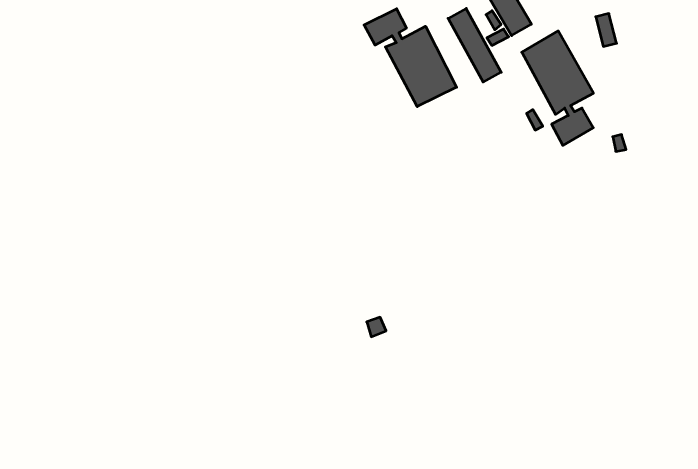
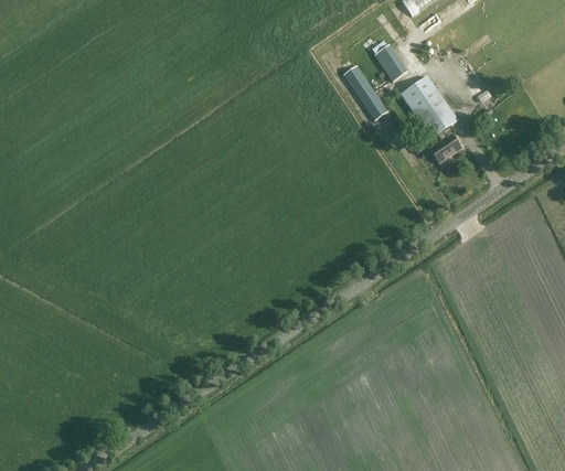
building: [364,9,457,107] -> none

